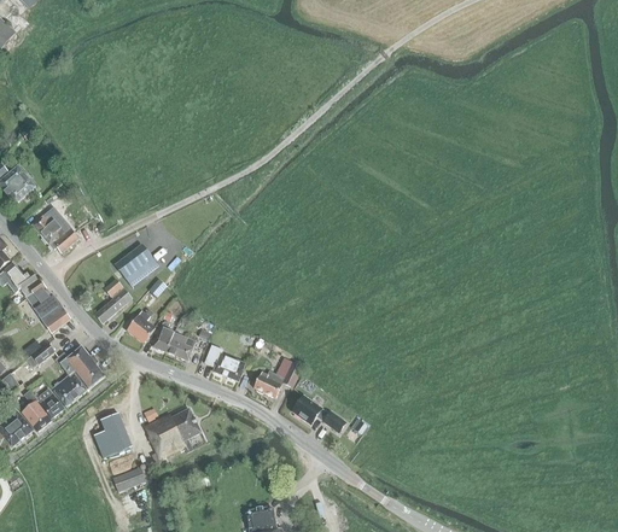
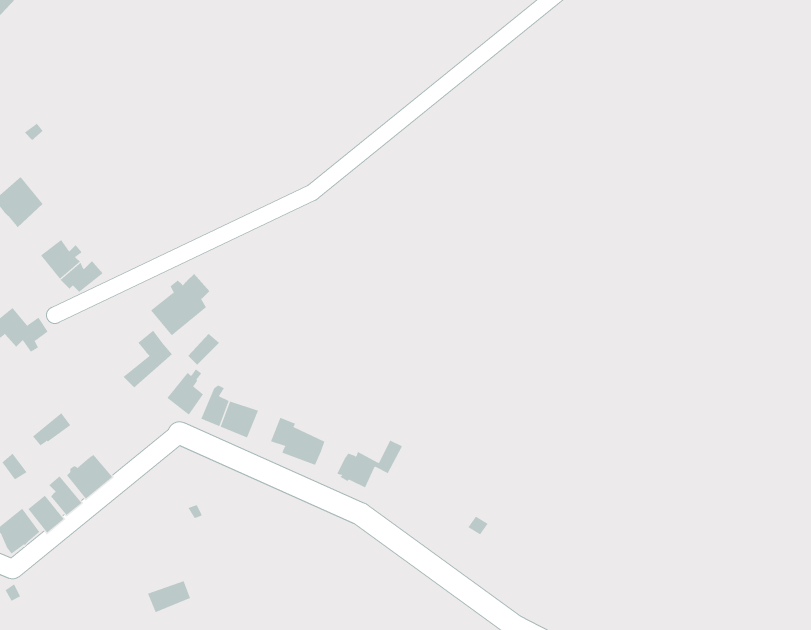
building: [25,280,70,333] -> none
building: [58,346,105,388] -> none
building: [292,396,346,433] -> none
building: [144,409,200,467] -> none
building: [95,414,135,460] -> none

